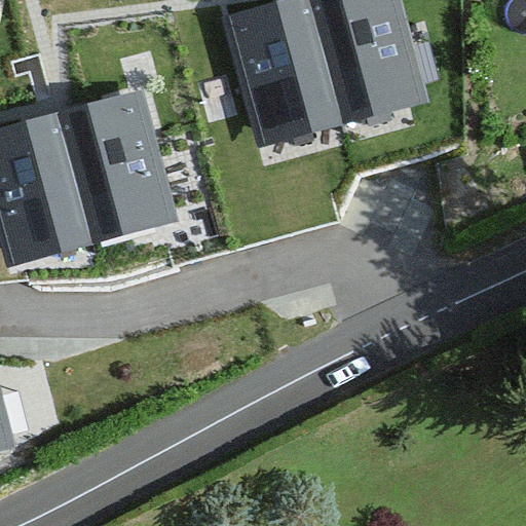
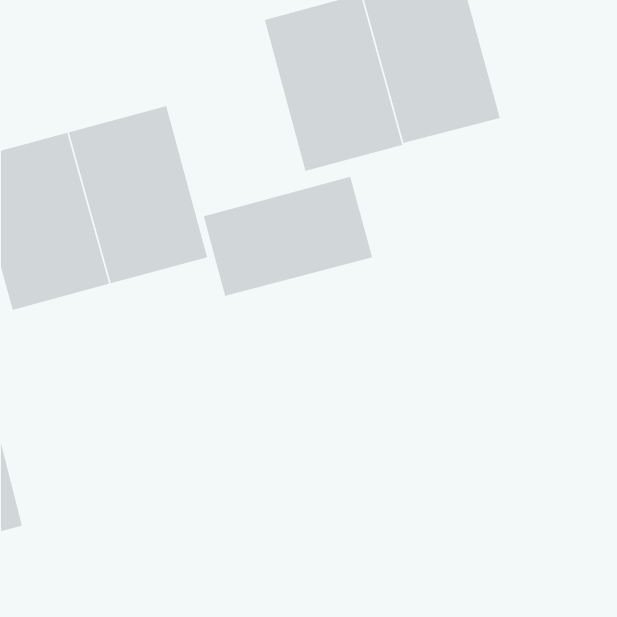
building: none -> [203,176,373,297]

